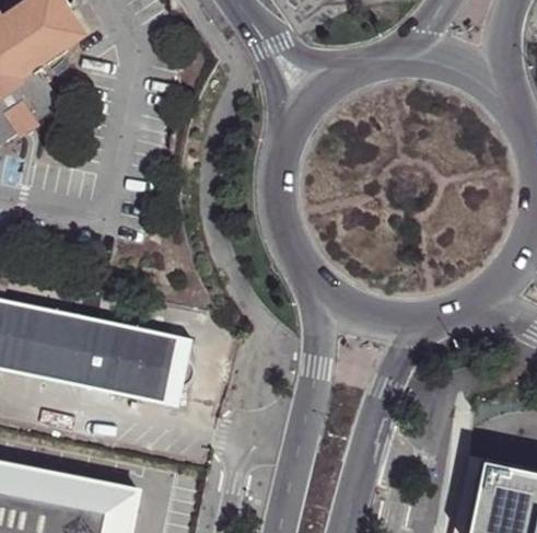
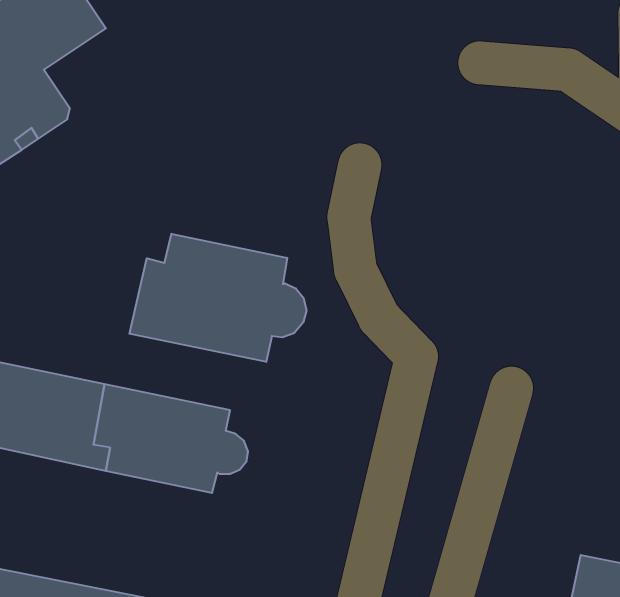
building: none -> [129,234,306,362]

